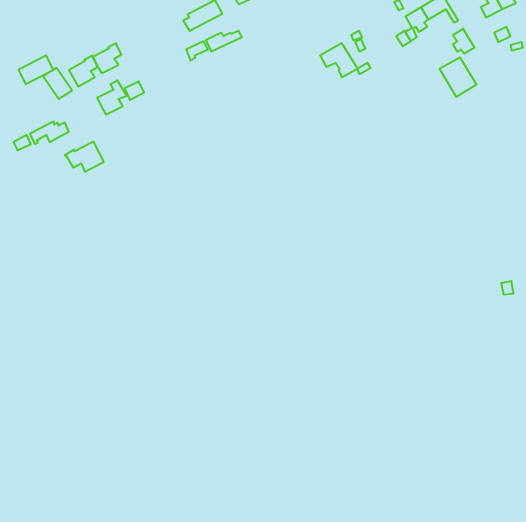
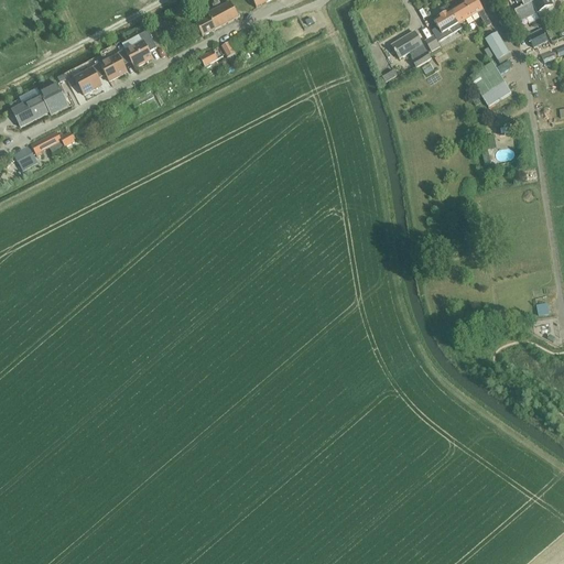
building: [320,43,357,77] -> [392,30,432,66]
building: [18,55,53,84] -> [12,93,50,123]
building: [97,80,127,114] -> [124,29,156,65]
building: [65,142,104,172] -> none

